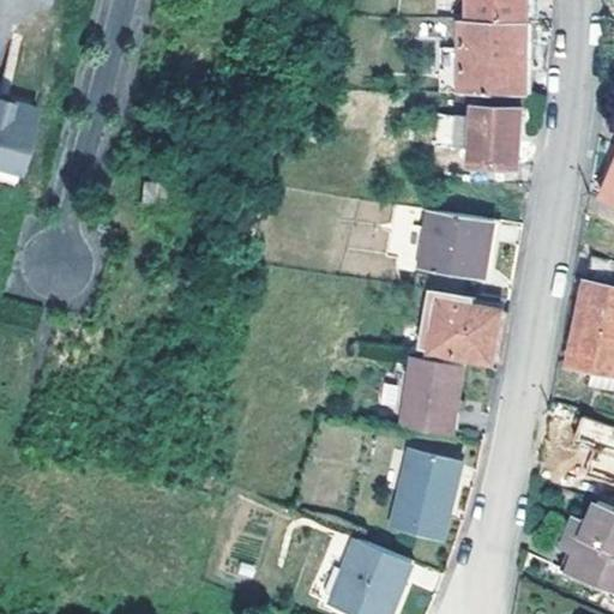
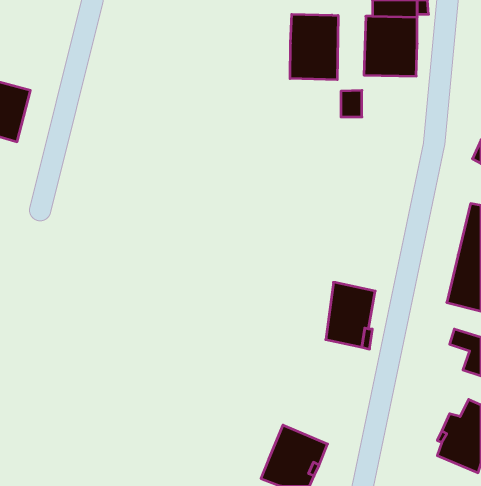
building: none -> [290,14,338,80]
building: [470,103,520,168] -> none
building: [420,209,493,277] -> none
building: [415,291,498,362] -> none
building: [387,449,458,540] -> none

